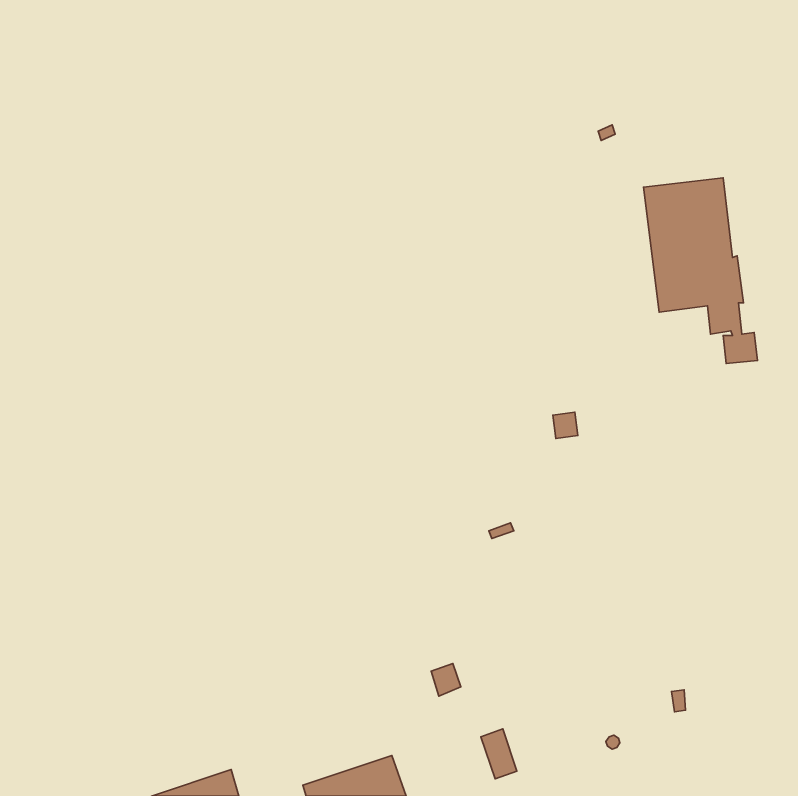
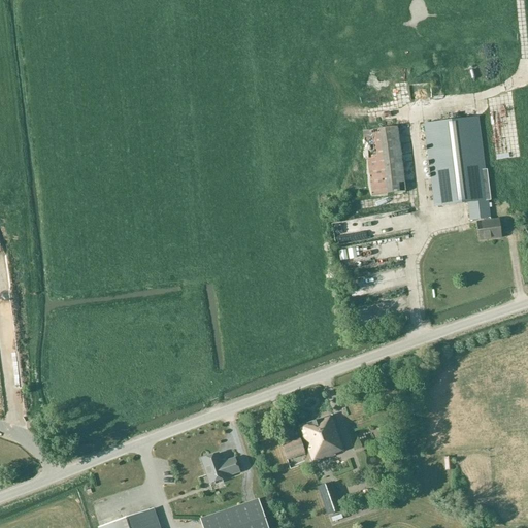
building: none -> [364,127,405,196]
building: none -> [299,415,343,463]
building: none -> [201,453,239,484]

